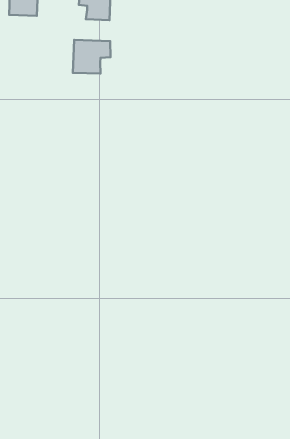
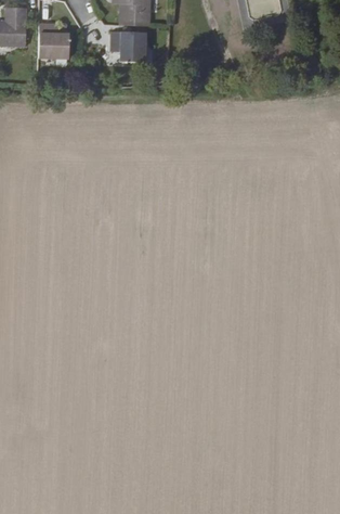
building: [73,40,110,74] -> none

